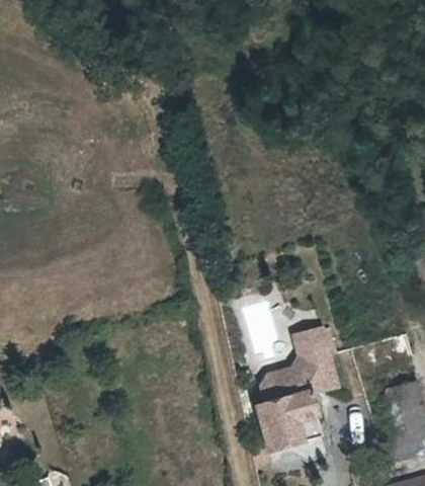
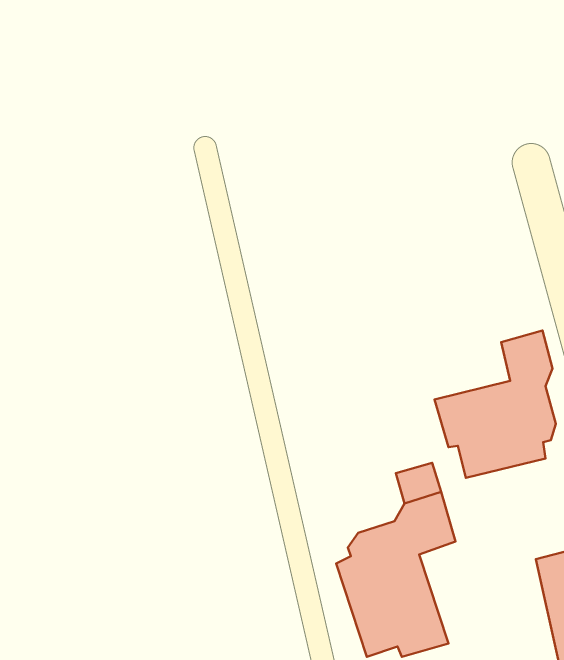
building: none -> [434,330,556,478]

